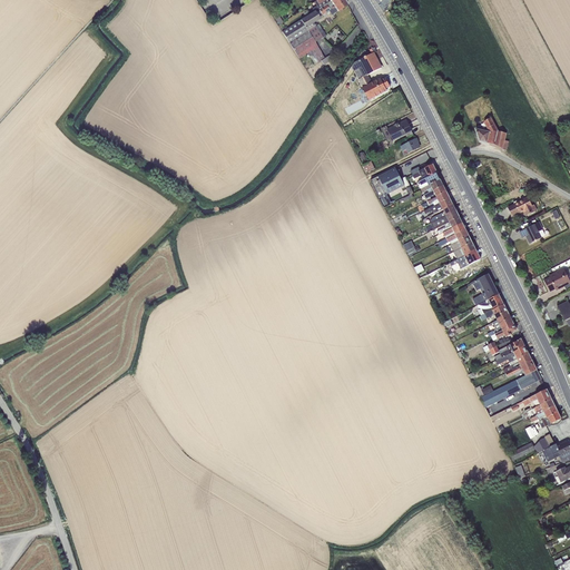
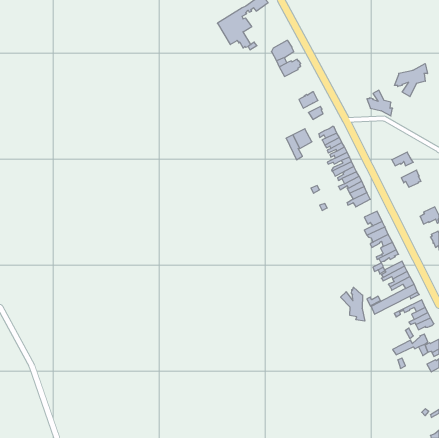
building: none -> [394,64,427,97]
building: none -> [341,287,365,321]

